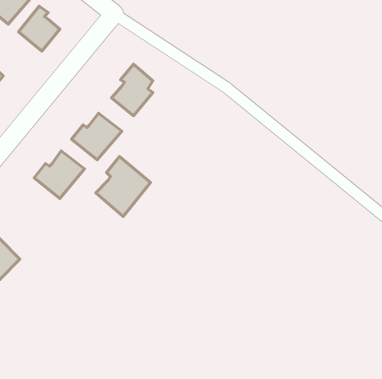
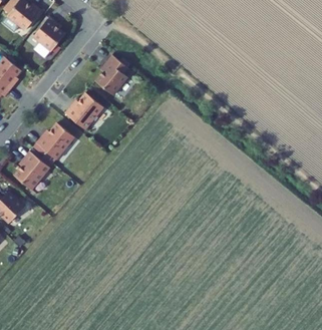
building: [96,157,151,216] -> none
building: none -> [15,151,51,191]

